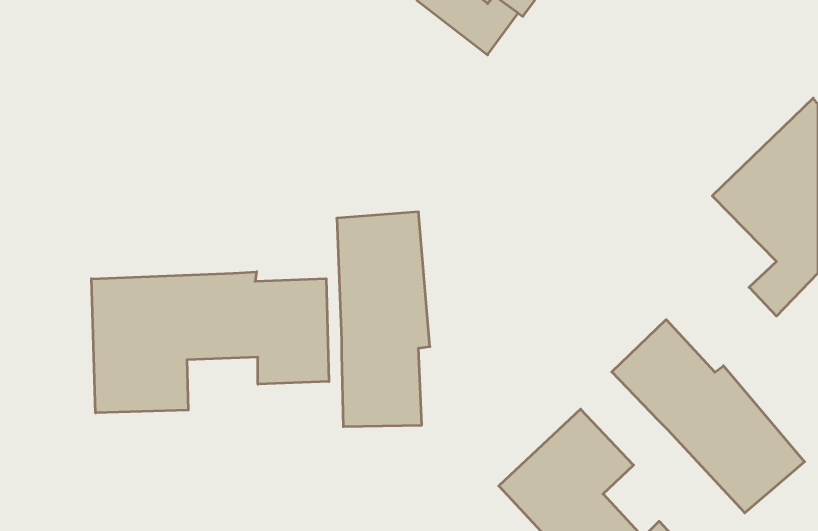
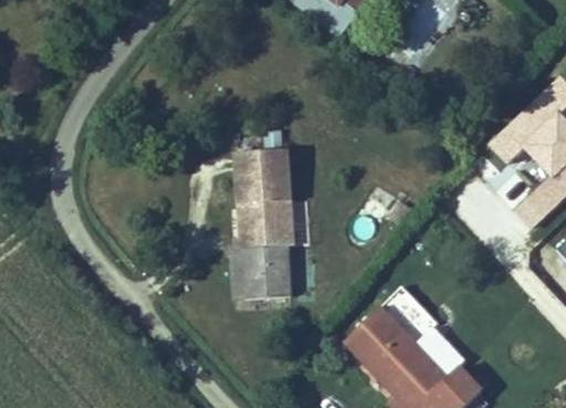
building: [91,272,329,413] -> none
building: [612,320,805,513] -> none

